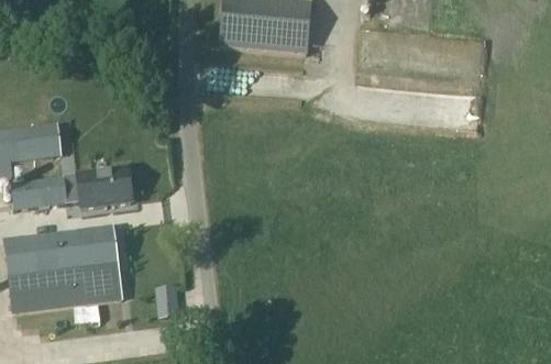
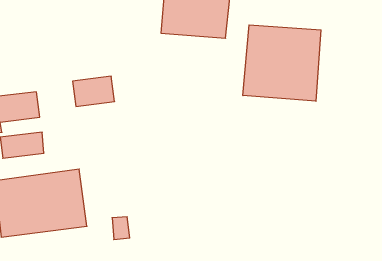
building: none -> [243,25,321,101]
building: [77,167,132,207] -> [73,76,115,106]

